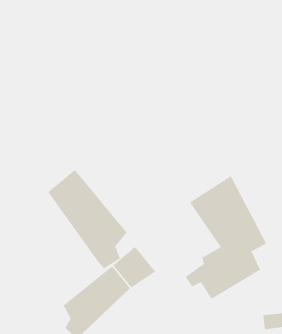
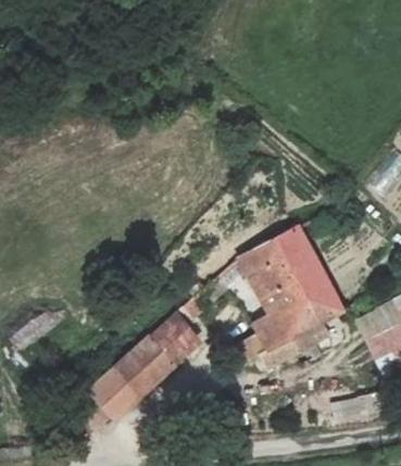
building: [48,169,127,269] -> none

